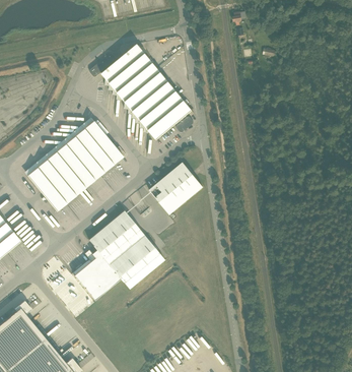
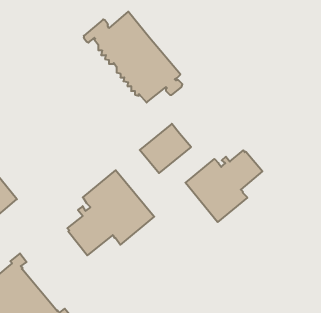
building: [27,121,125,210] -> none
building: none -> [185,150,262,222]

